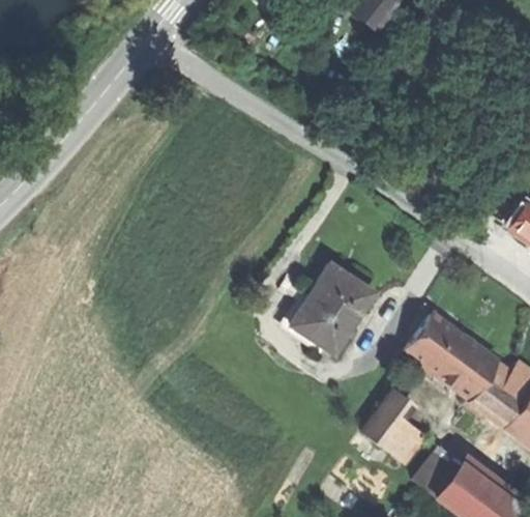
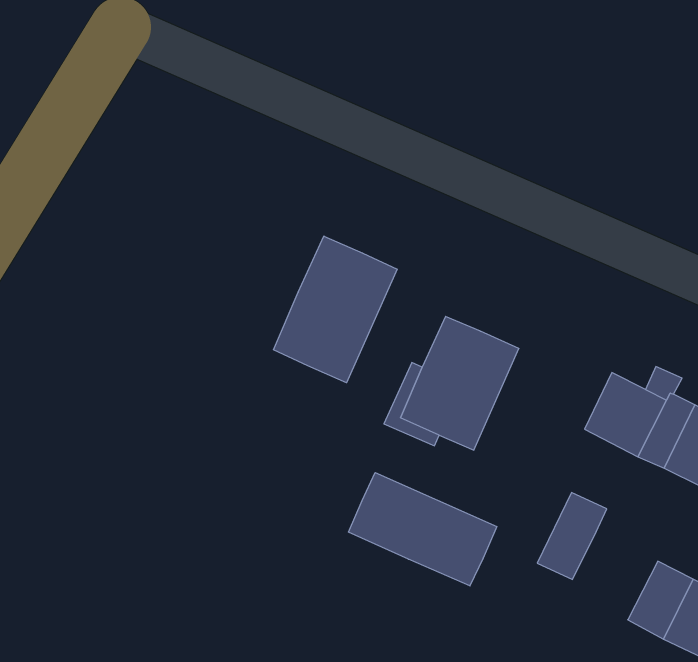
building: none -> [273,236,397,383]
building: none -> [348,473,497,586]
building: [383,419,424,462] -> none

